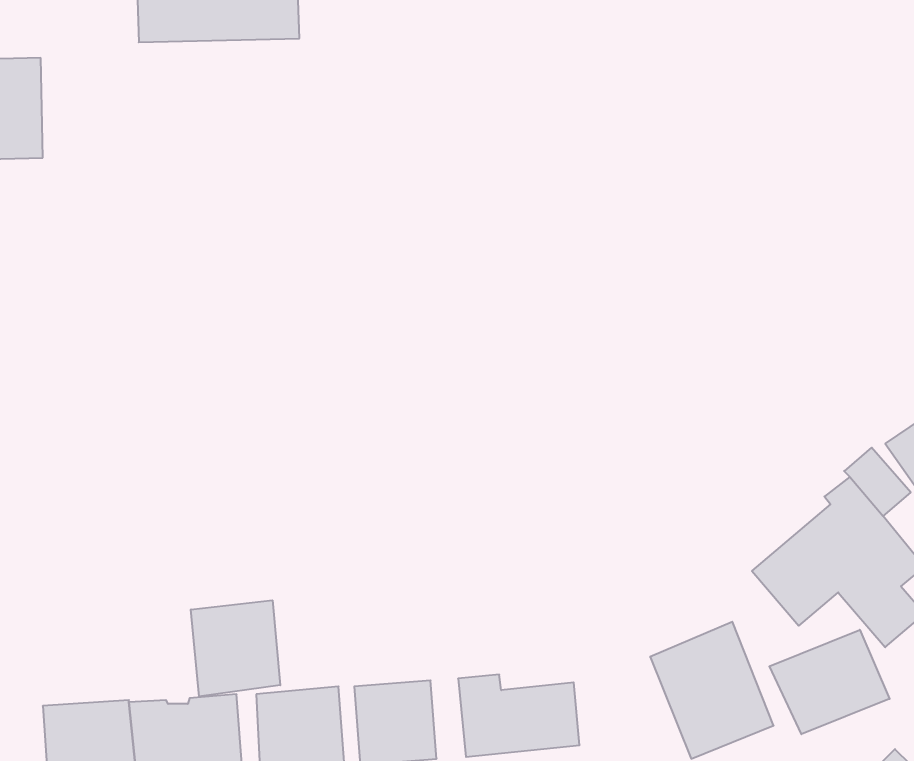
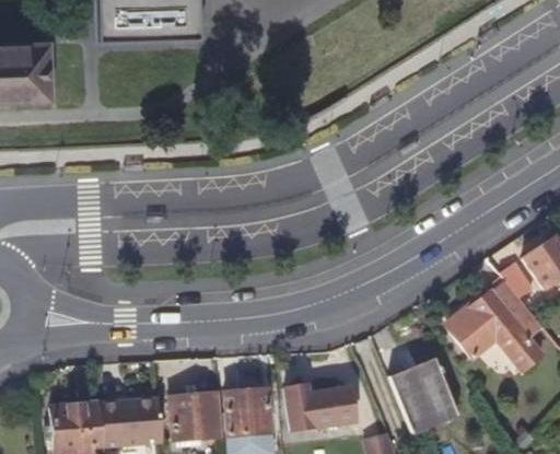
building: [191,600,280,696] -> none
building: [769,630,890,734] -> none

